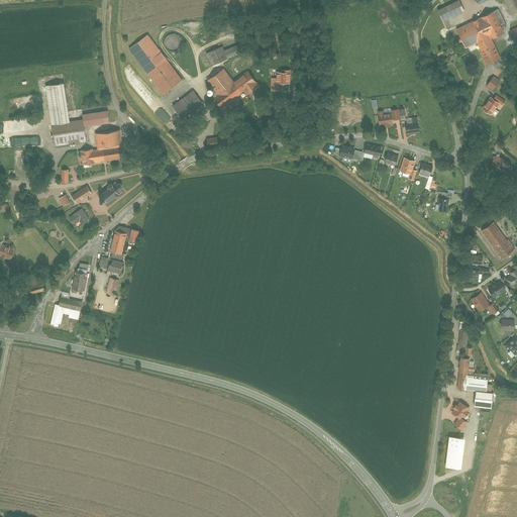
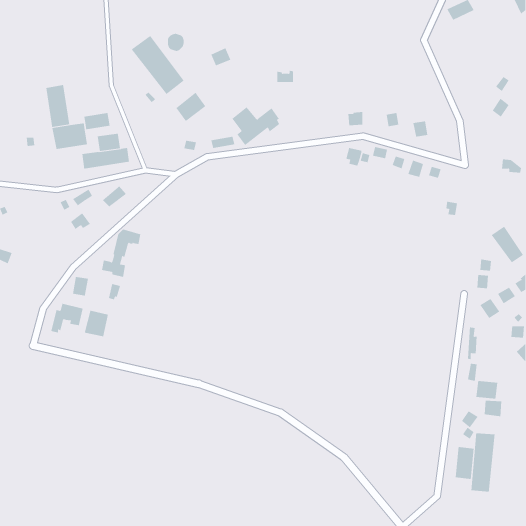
building: [455,11,502,65] -> none
building: [208,70,255,108] -> [231,107,280,146]
building: none -> [84,310,109,337]
building: none -> [471,432,495,493]

